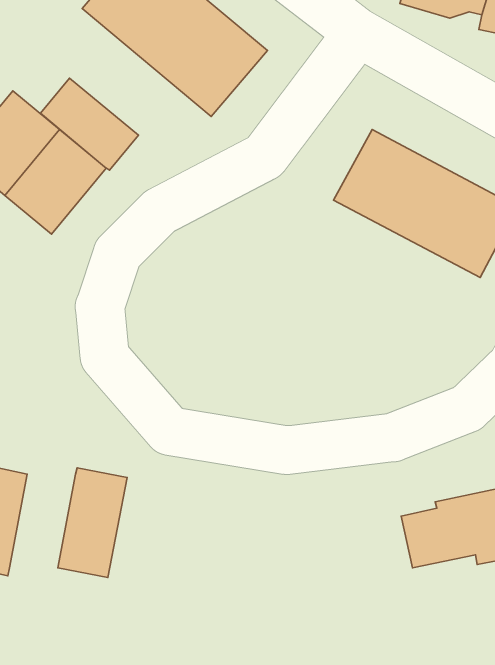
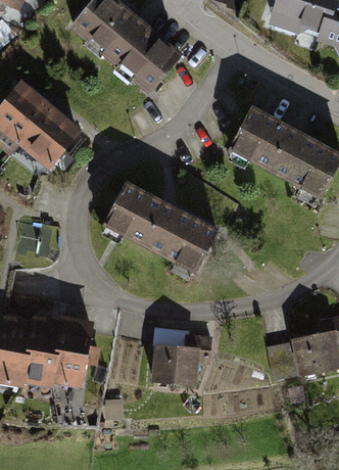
building: [40,78,138,170] -> none
building: none -> [100,181,215,275]
building: none -> [20,318,62,388]
building: none -> [152,329,212,386]

